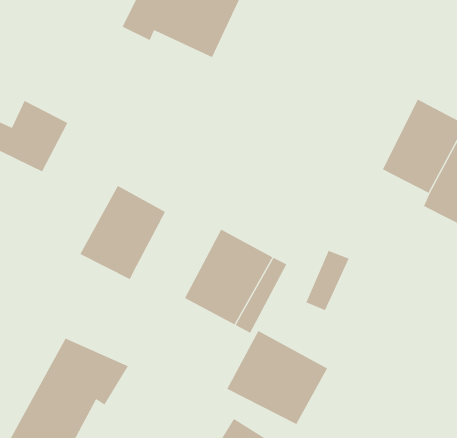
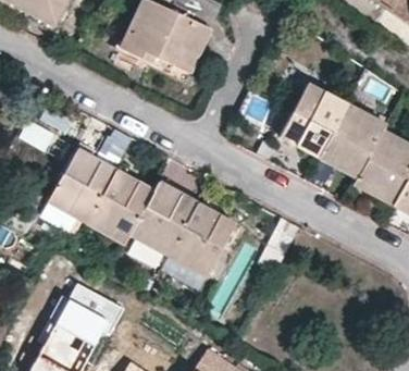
building: none -> [280,82,348,157]
building: none -> [50,148,117,222]
building: none -> [131,182,197,256]
building: [226,330,328,425] -> none

